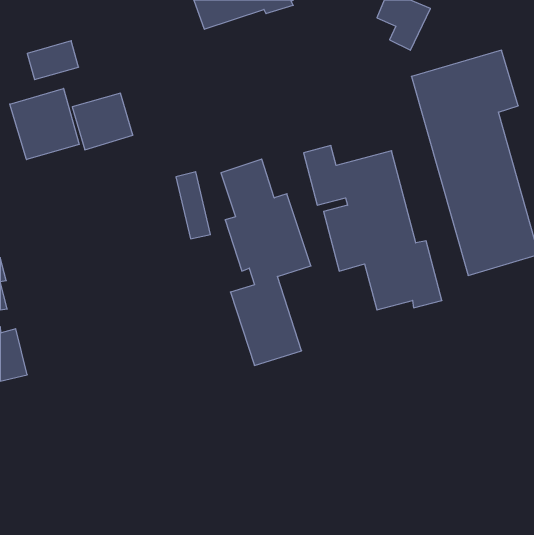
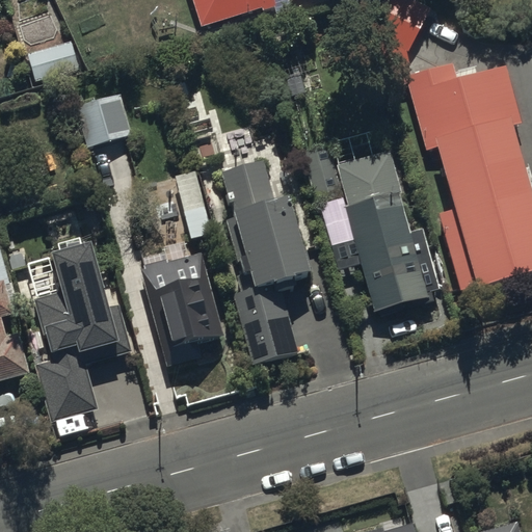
building: [10,88,79,160] -> none
building: none -> [33,237,132,421]
building: none -> [141,250,223,365]

